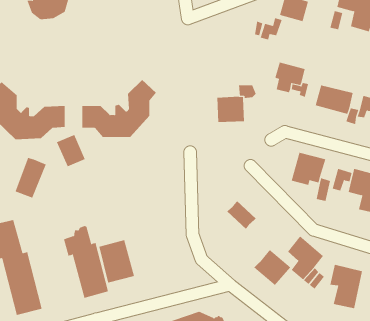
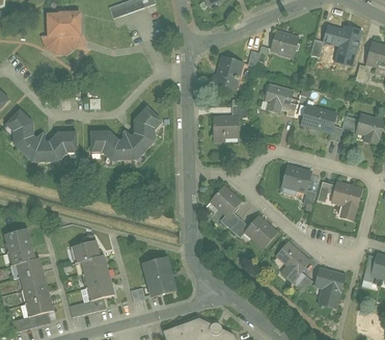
building: none -> [213,52,242,85]
building: [56,134,85,167] -> none
building: [15,157,46,199] -> none
building: none -> [210,190,241,221]
building: [98,240,135,283] -> [144,261,177,300]
building: [254,249,291,286] -> [244,220,278,254]

